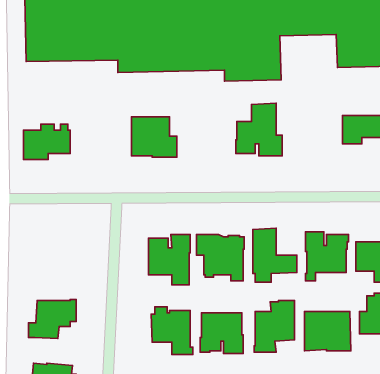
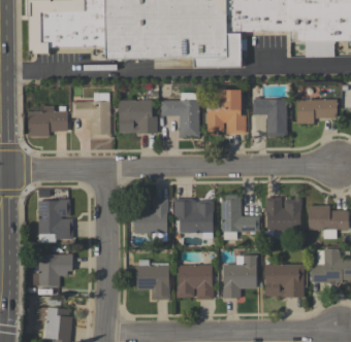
building: none -> [71,92,110,139]
building: none -> [160,93,199,137]
building: none -> [252,97,287,136]
building: none -> [37,199,72,239]

